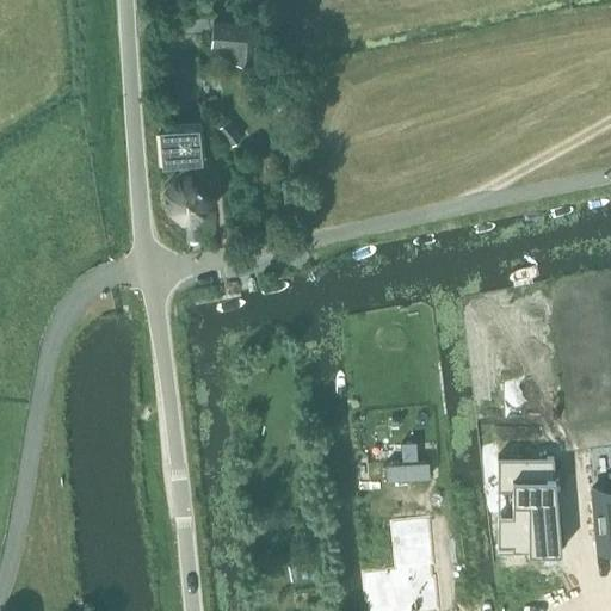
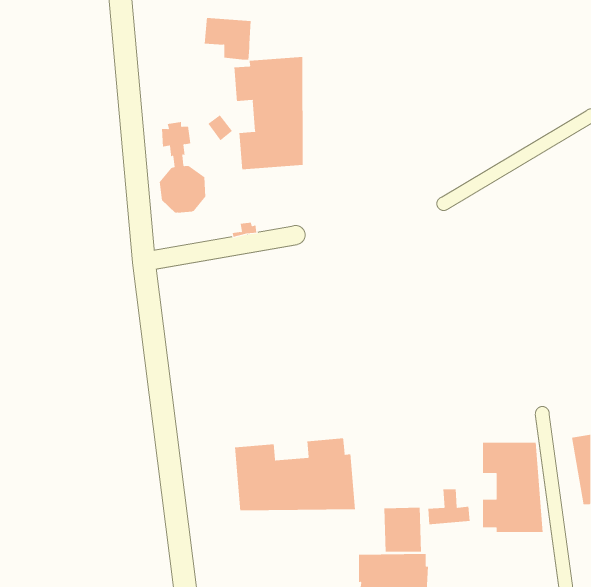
building: none -> [234,56,303,170]
building: [384,446,428,483] -> [427,489,470,525]
building: none -> [234,438,356,511]

